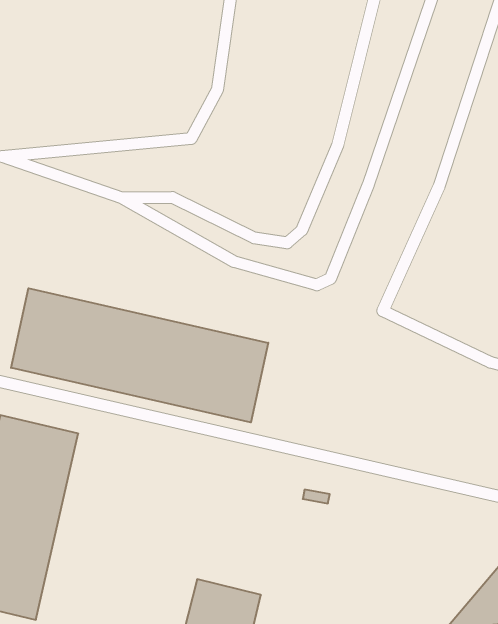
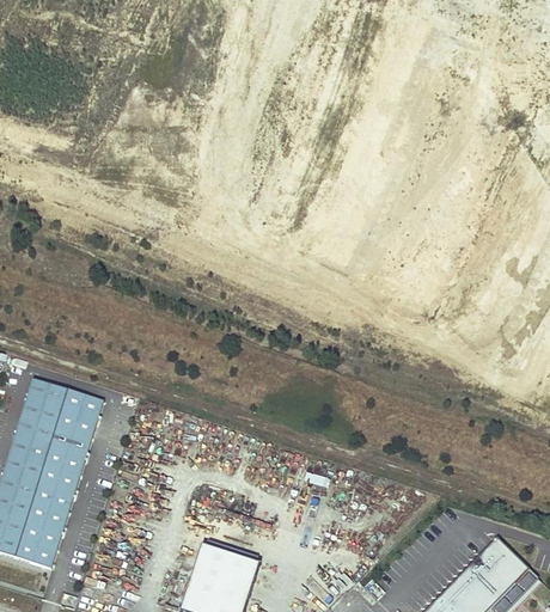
building: [11,288,268,422] -> none

